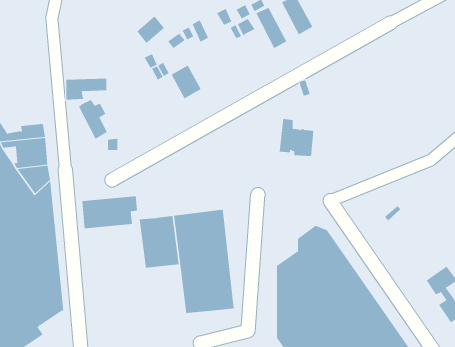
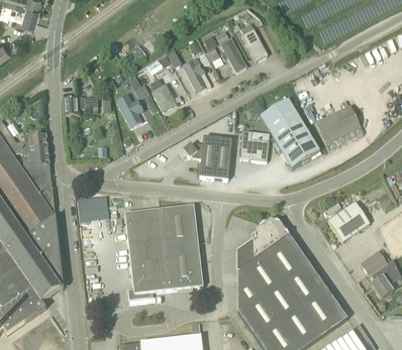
building: none -> [182,60,207,94]
building: none -> [261,99,320,167]
building: none -> [315,105,364,149]
building: [78,99,107,139] -> [117,95,141,128]
building: none -> [183,136,232,180]
building: none -> [327,202,370,241]
building: none -> [128,250,163,299]

